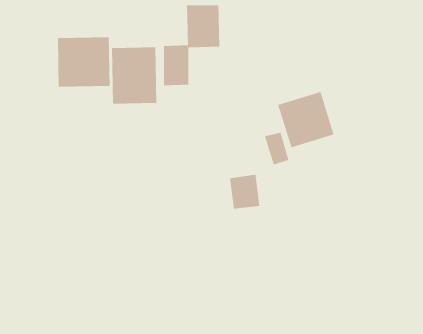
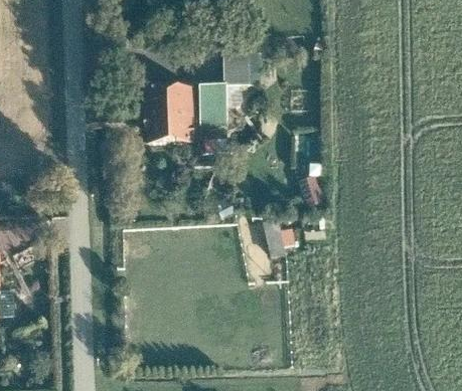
building: [57,37,110,88] -> none
building: [278,91,334,148] -> none

